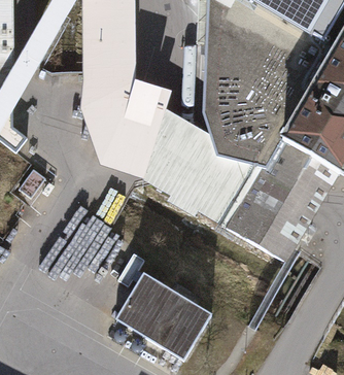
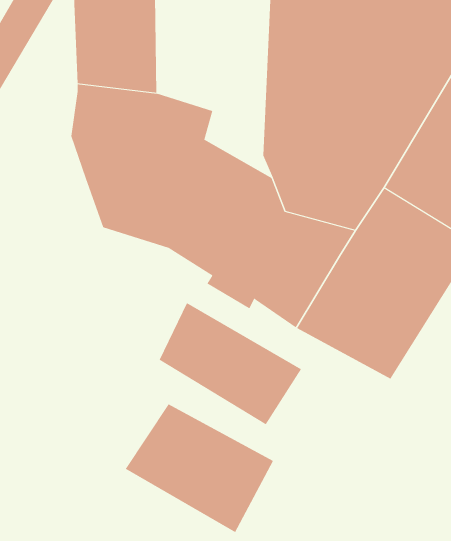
building: none -> [159,302,302,425]

